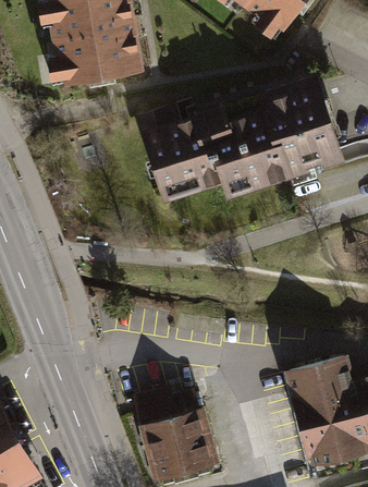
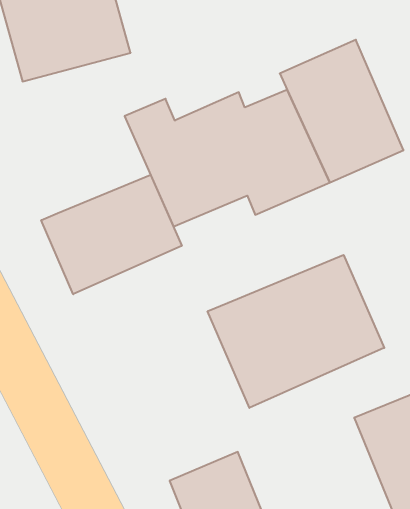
building: none -> [41,175,182,294]
building: none -> [208,255,384,408]

